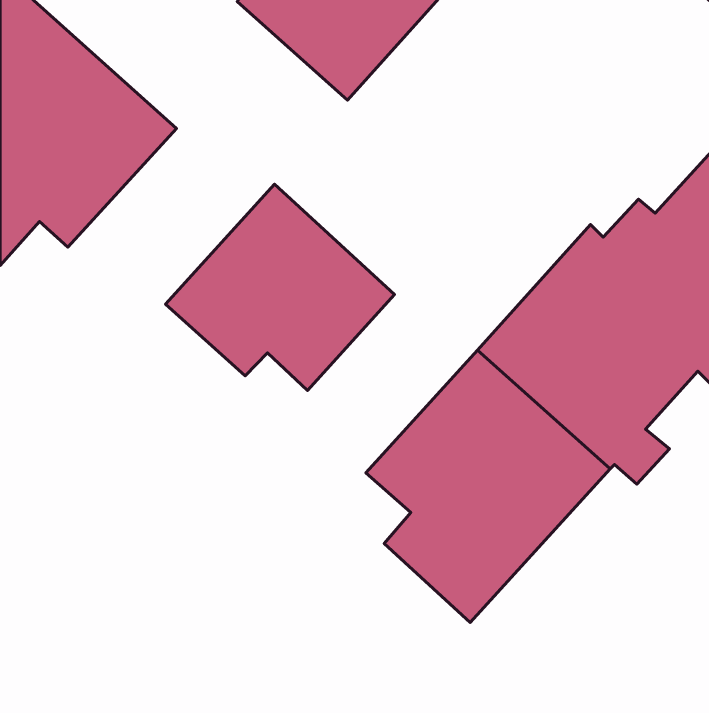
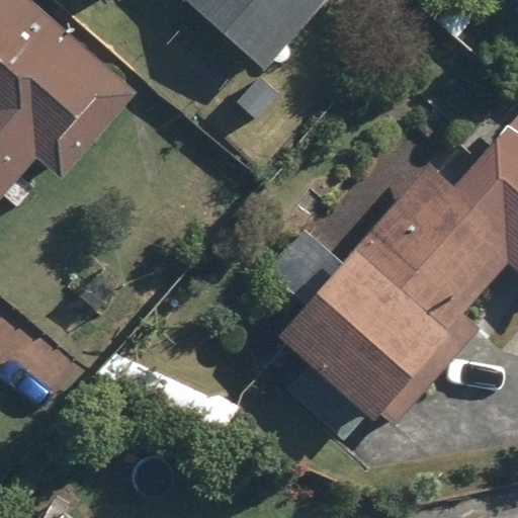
building: [165,184,395,390] -> none

